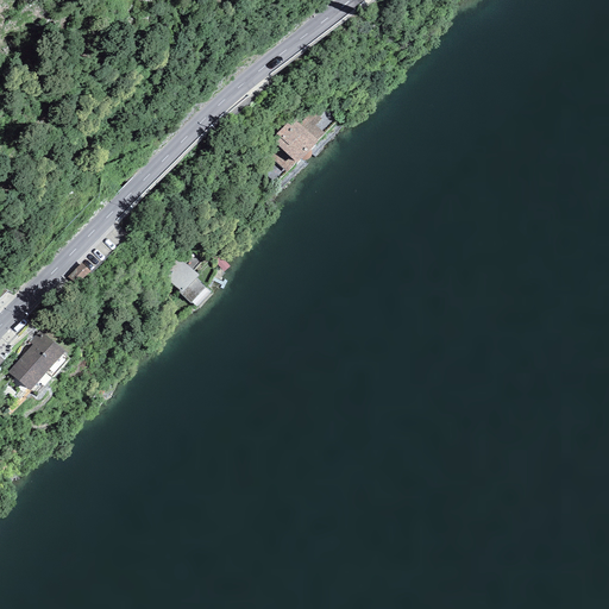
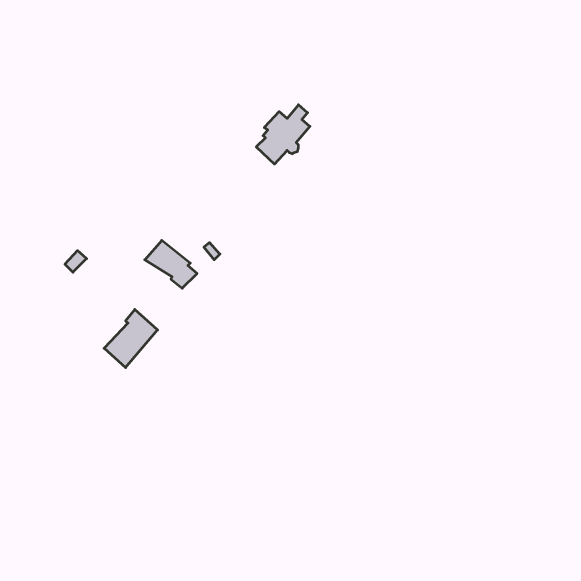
building: [8,329,64,390] -> [104,309,158,368]

